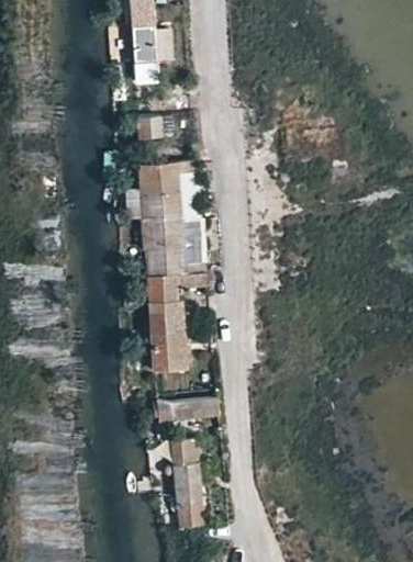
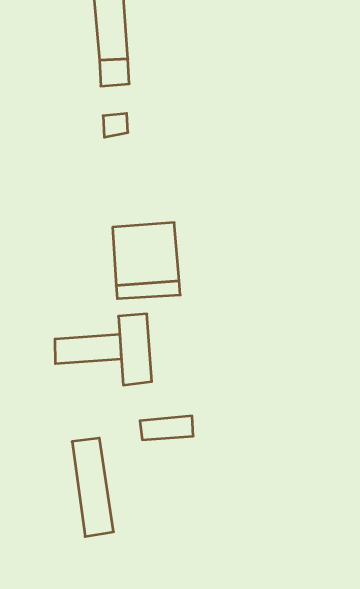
building: [138,159,201,222] -> none
building: none -> [55,334,121,364]
building: [169,441,208,532] -> [72,438,114,537]

